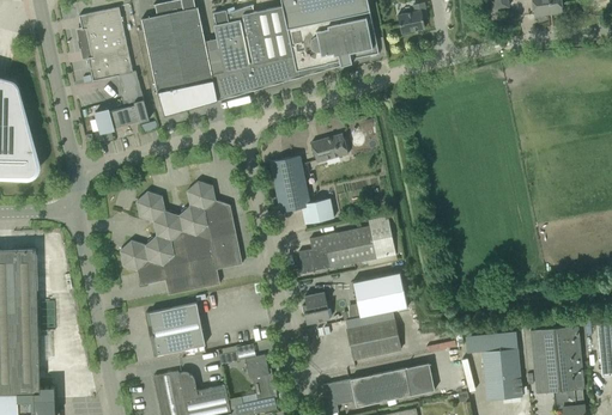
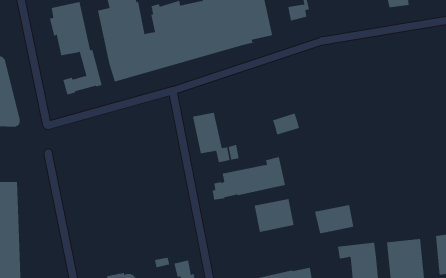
building: [311,133,349,163] -> [272,113,300,135]
building: [121,182,242,294] -> none
building: [302,292,329,323] -> none
building: [145,303,205,355] -> none
building: [346,319,400,359] -> [314,204,354,234]

